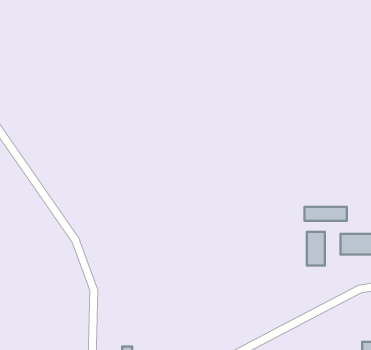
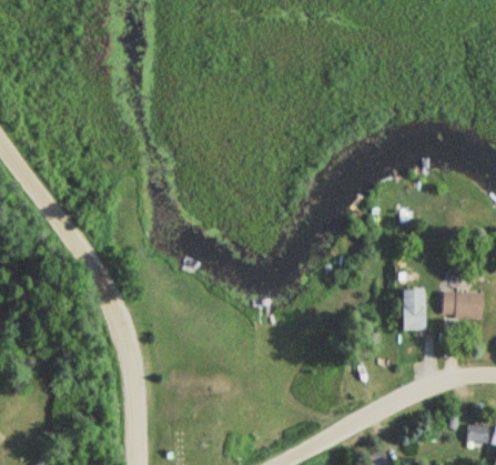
building: [304,207,347,221] -> none

